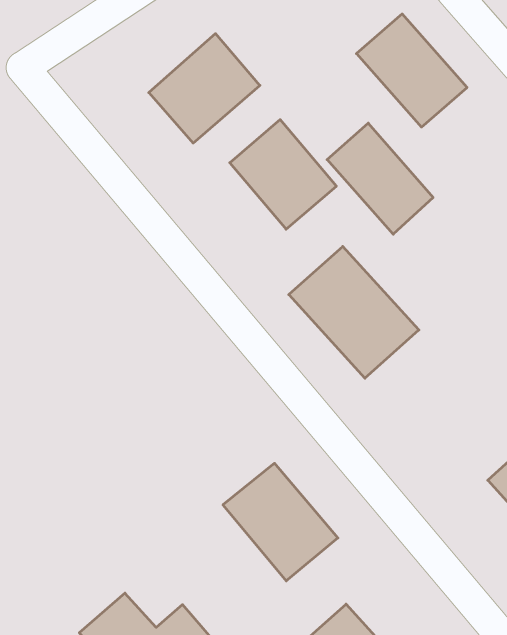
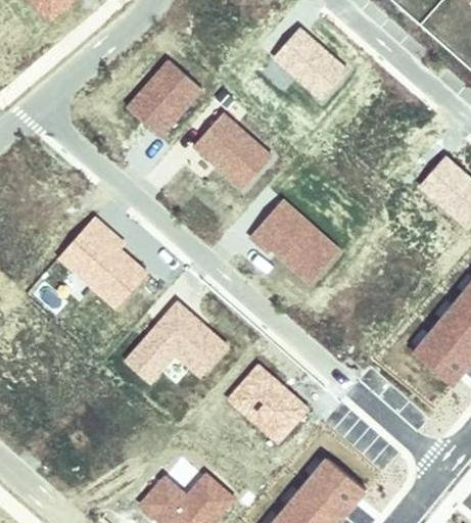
building: [327,123,433,234] -> none
building: none -> [55,211,151,311]
building: none -> [125,299,233,384]

